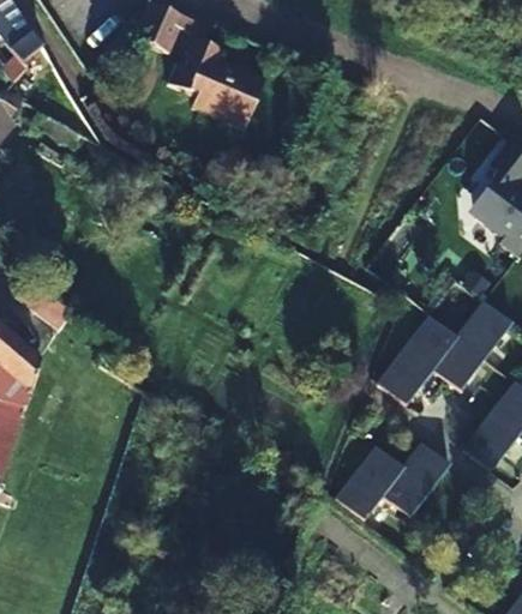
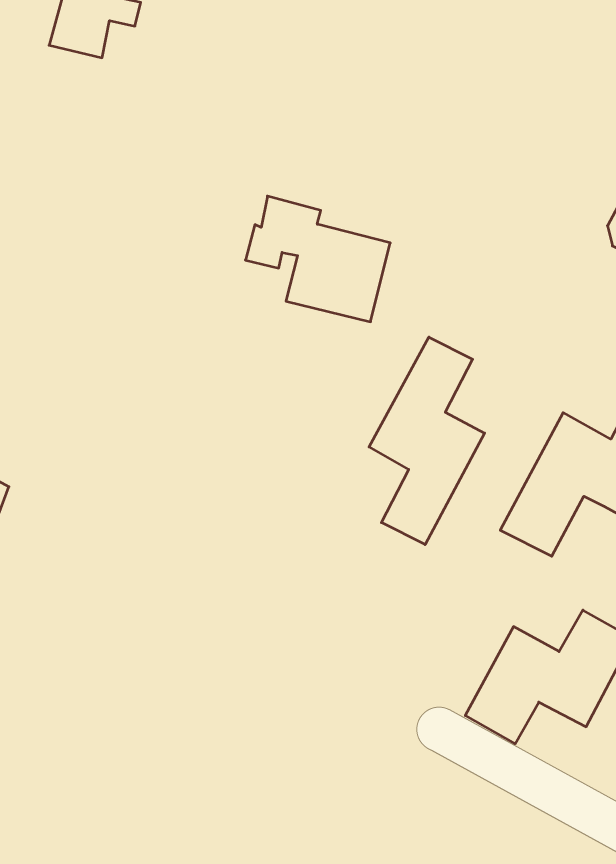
building: [169,36,263,126] -> [245,196,390,322]
building: none -> [369,337,485,545]

